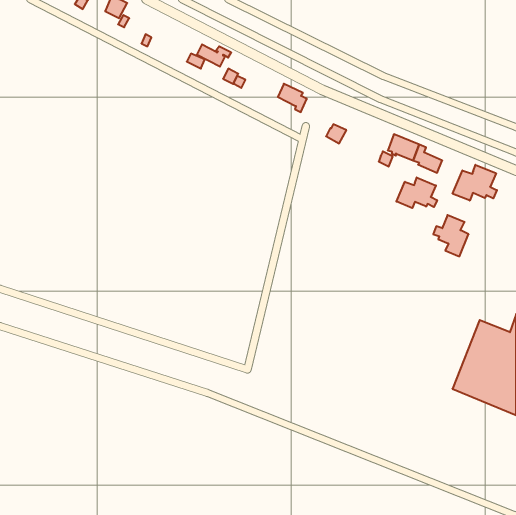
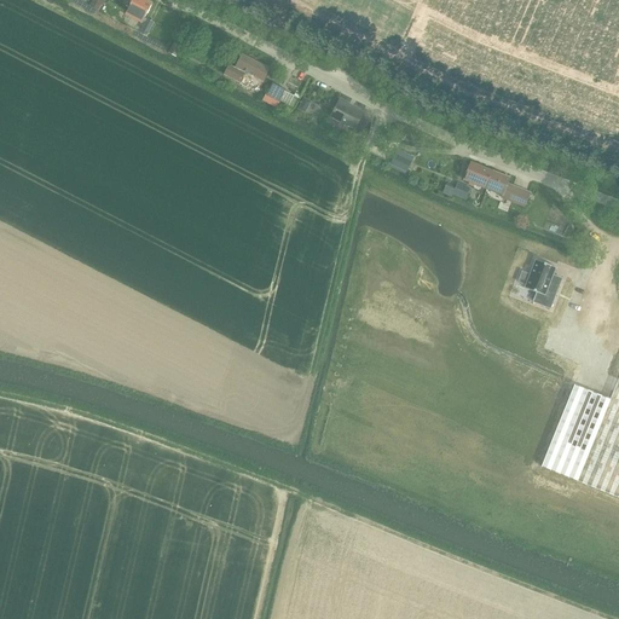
building: [453,165,497,201] -> none
building: [396,177,437,208] -> none

